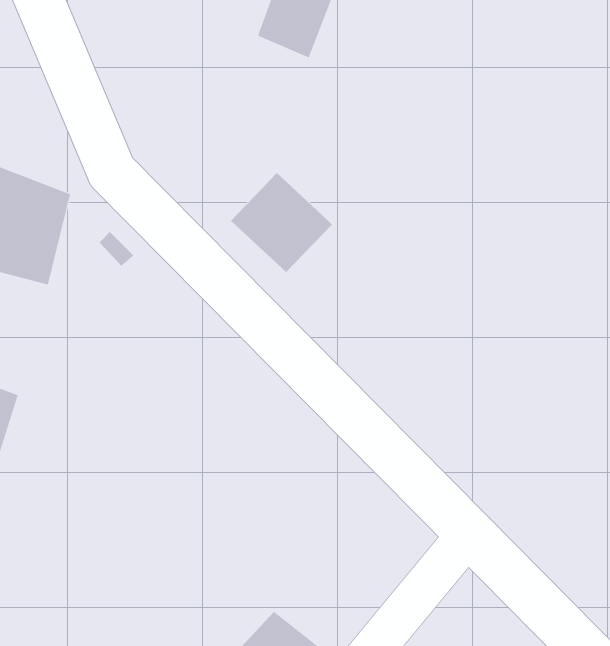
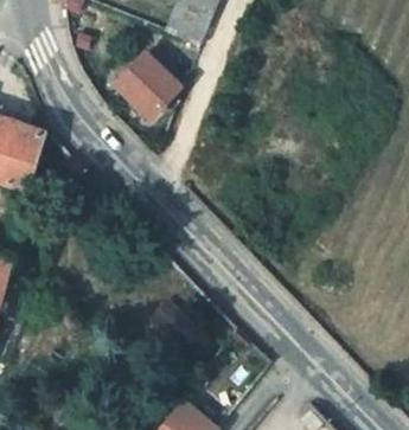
building: [230,172,333,273] -> [113,52,178,116]

